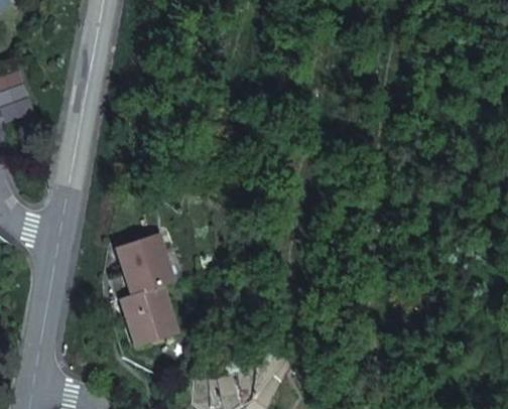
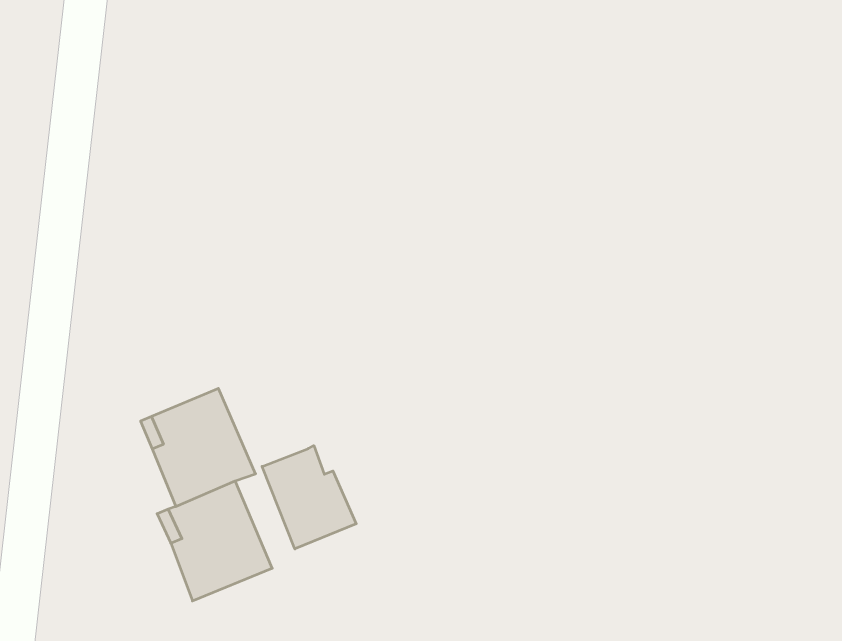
building: none -> [262,446,356,549]

